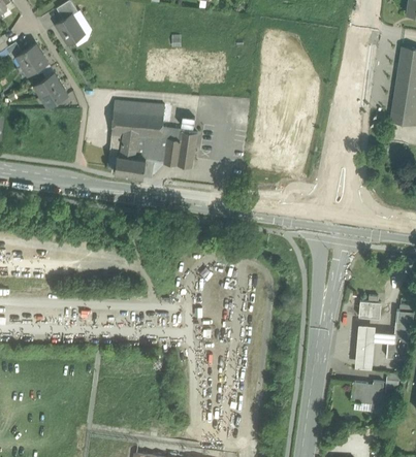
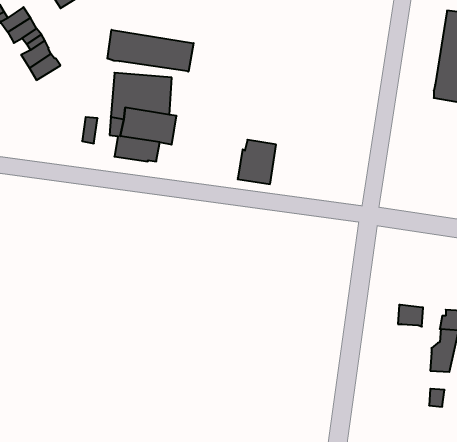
building: none -> [107,30,194,72]
building: [164,130,197,168] -> [238,140,276,184]
building: [355,325,393,368] -> none
building: [351,382,384,412] -> none

